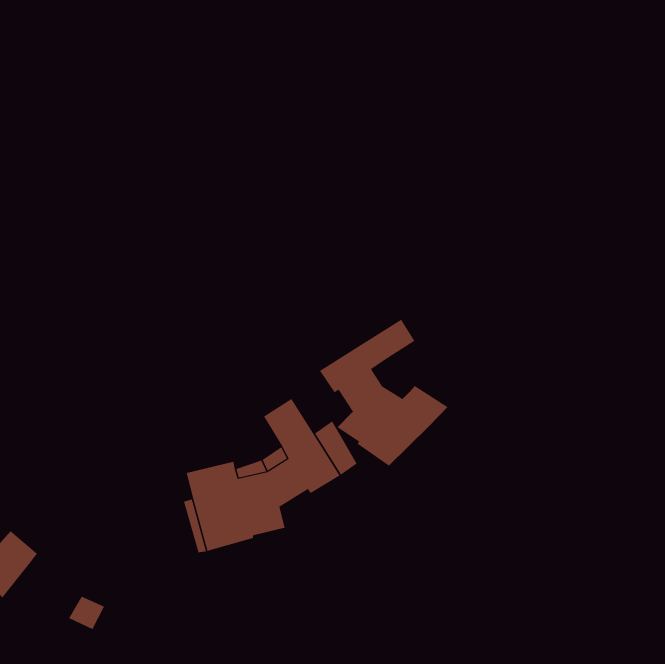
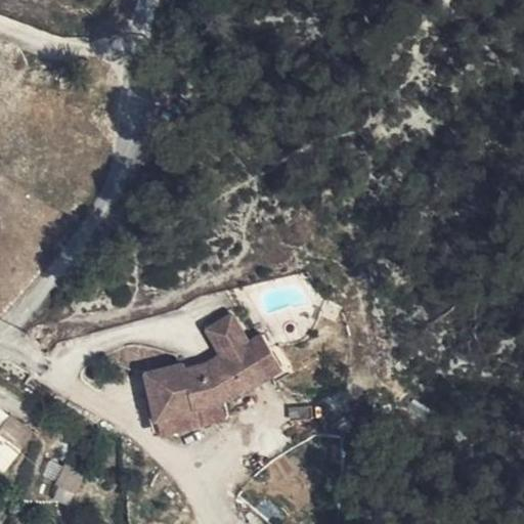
building: [319,319,449,467] -> none

